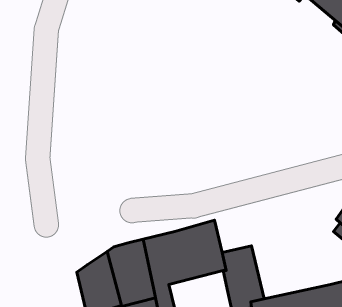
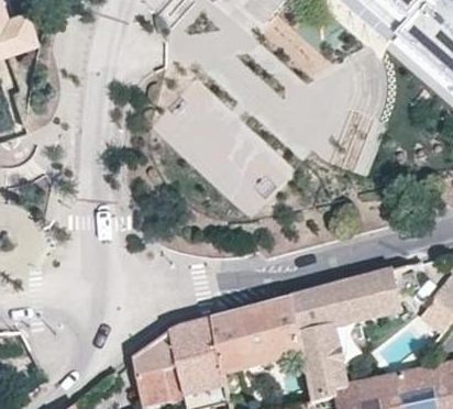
building: none -> [294,268,419,332]

